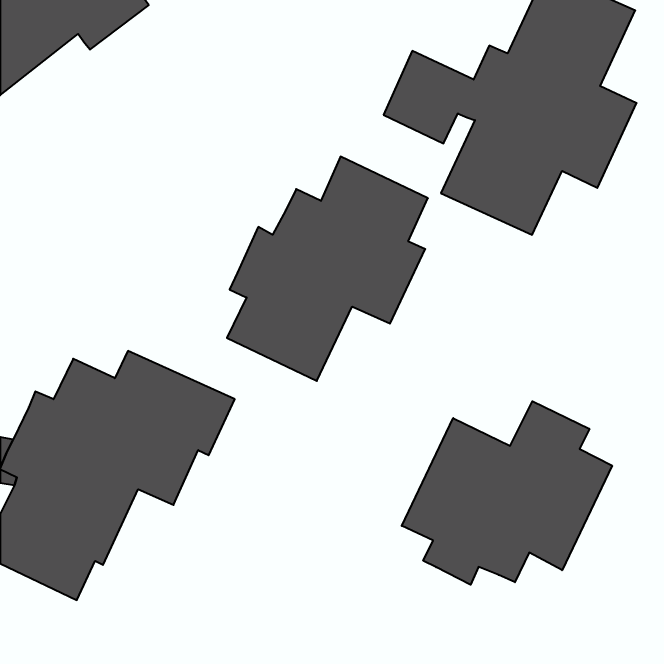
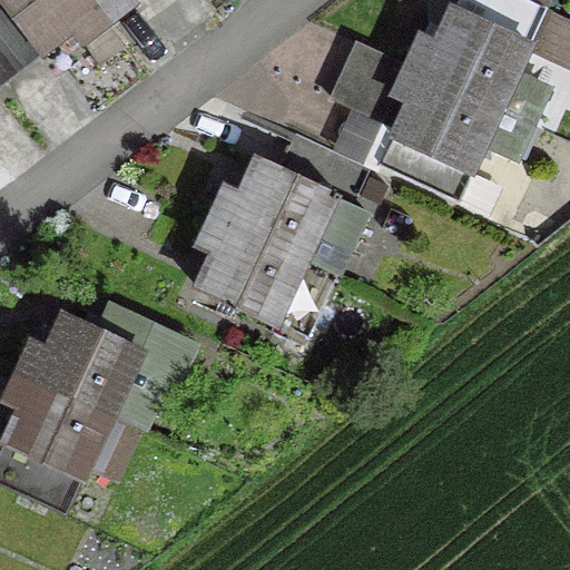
building: [402,401,612,585] -> none

